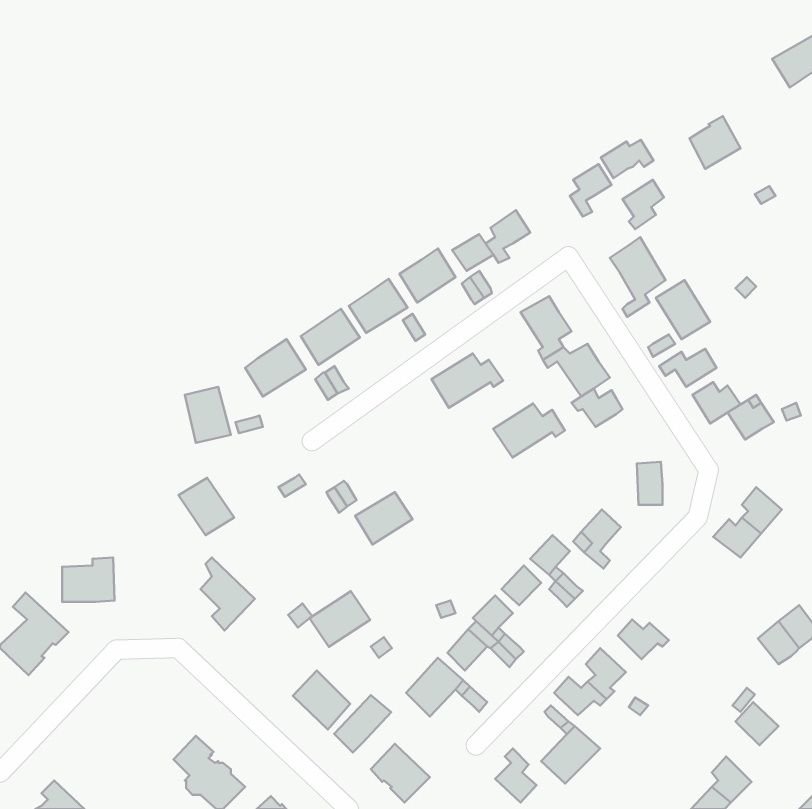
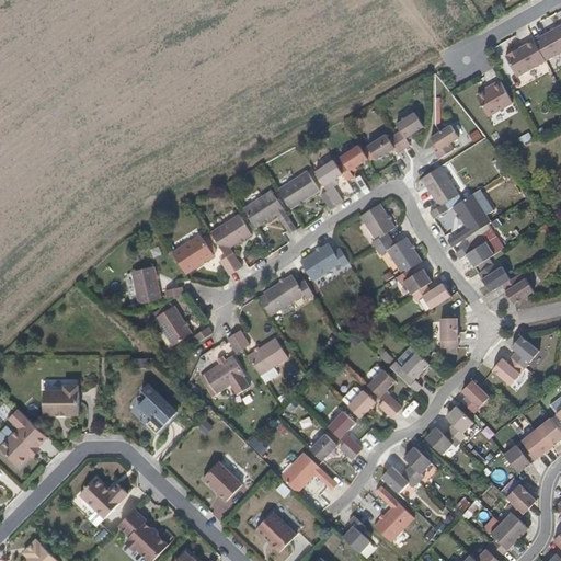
building: none -> [504,39,545,77]
building: [601,140,653,178] -> [366,135,402,161]
building: [493,403,565,458] -> [262,275,311,312]
building: none -> [411,284,450,309]
building: [178,478,234,535] -> [151,305,190,344]
building: none -> [461,380,489,412]
building: none -> [446,405,473,440]
building: [310,591,370,647] -> [202,356,243,394]
building: none -> [505,444,537,471]
building: none -> [81,474,129,515]
building: [334,695,391,752] -> none
building: none -> [501,501,528,538]

